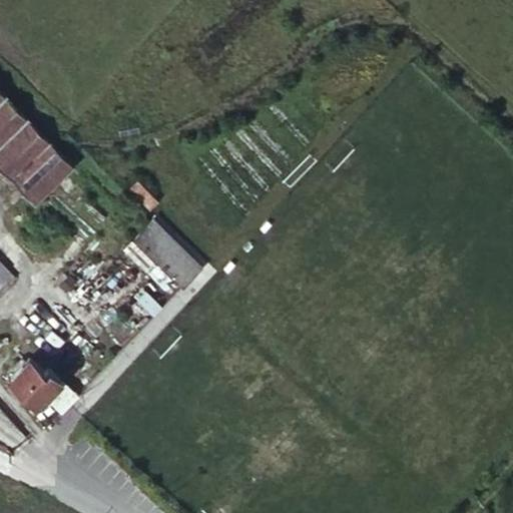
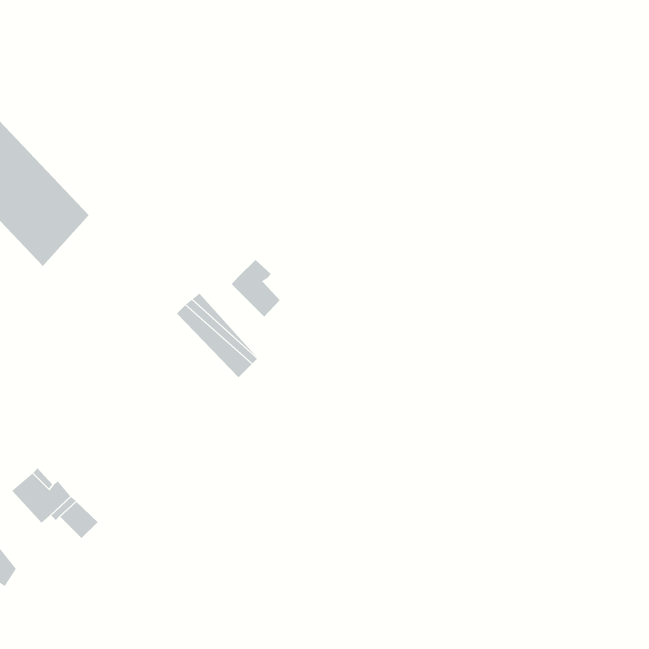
building: none -> [231,259,280,318]

